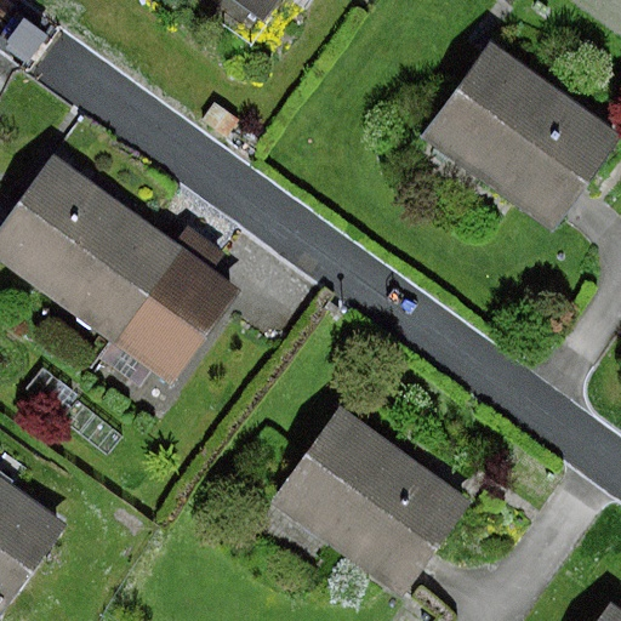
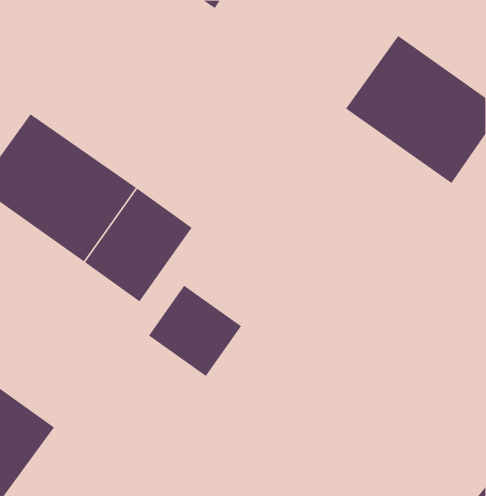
building: none -> [148,285,242,377]
building: [264,409,461,593] -> none

